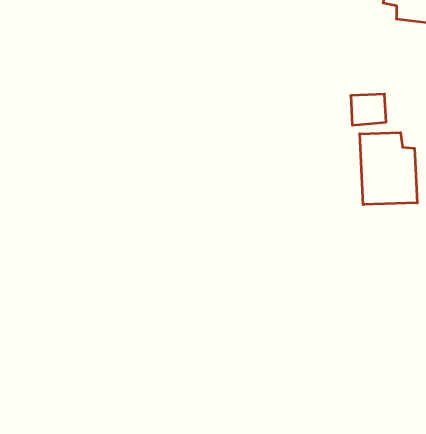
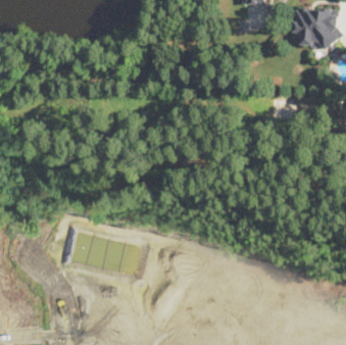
building: [360,133,417,205] -> none

